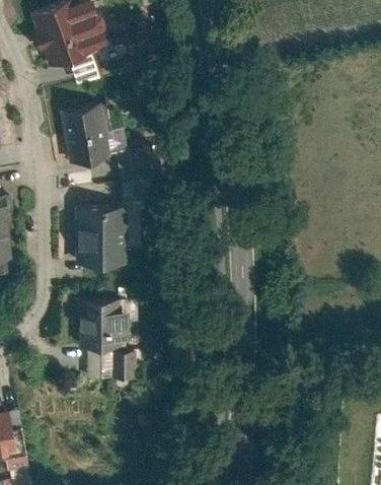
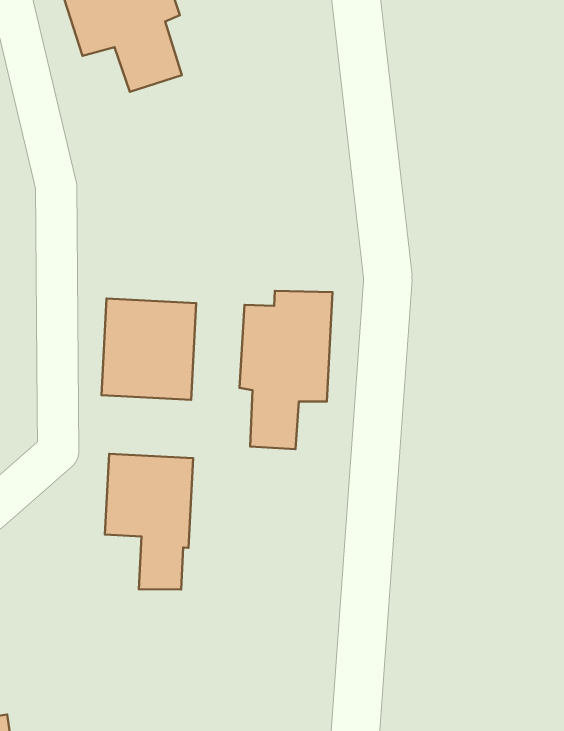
building: [56,101,113,163] -> none
building: none -> [240,291,333,449]

